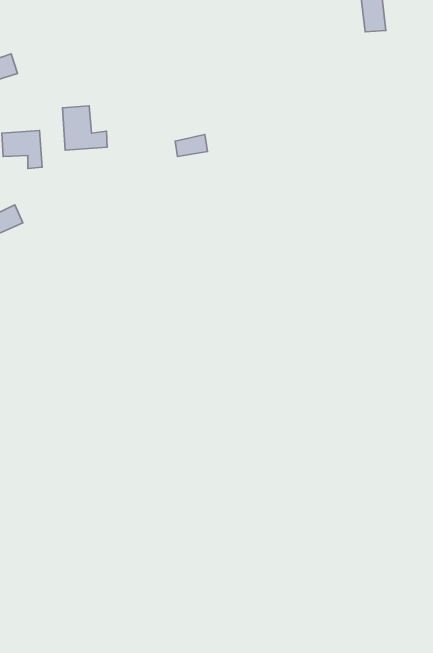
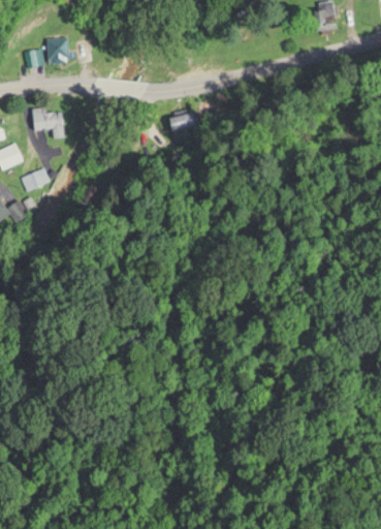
building: none -> [46,37,69,64]
building: [62,106,107,150] -> none

